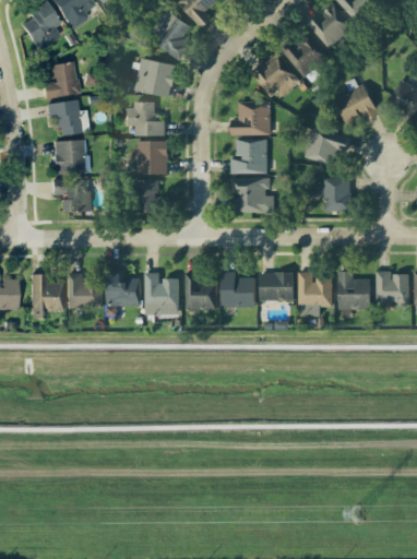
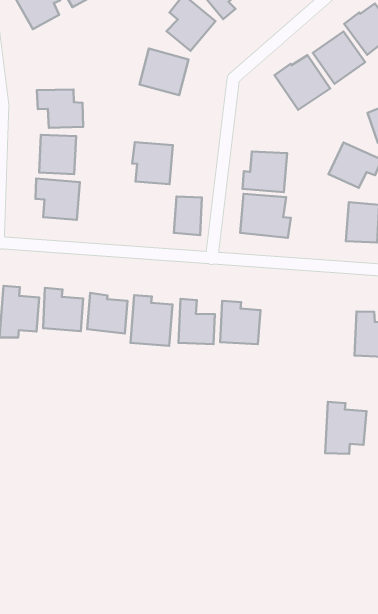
building: [44,61,79,97] -> none
building: [230,102,270,135] -> none
building: [126,104,163,136] -> none
building: [136,180,159,213] -> [174,197,202,235]
building: [260,272,294,301] -> none
building: [298,272,332,317] -> [325,402,366,454]

